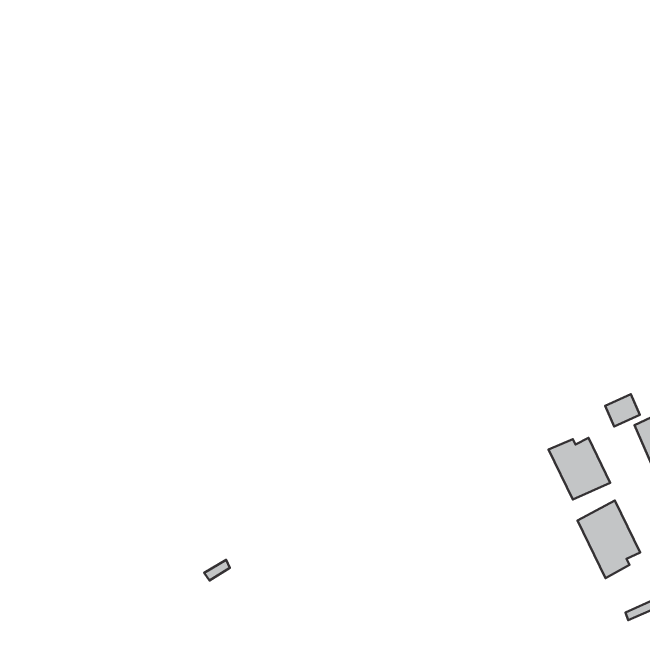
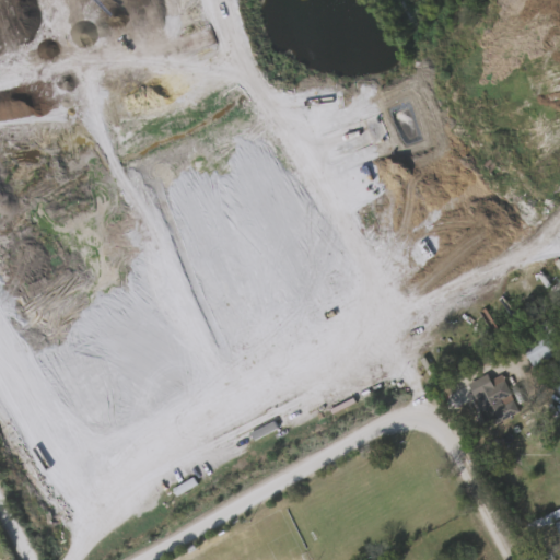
building: [577,501,640,578] -> none

